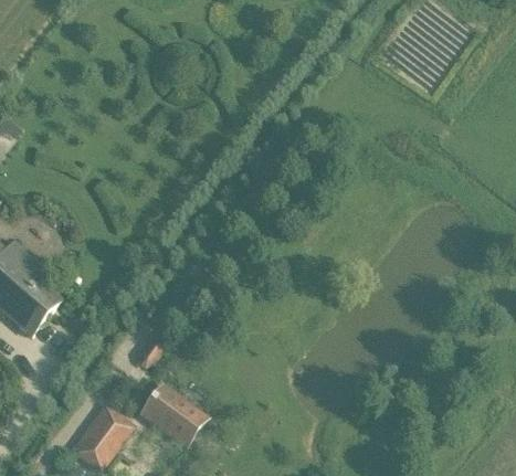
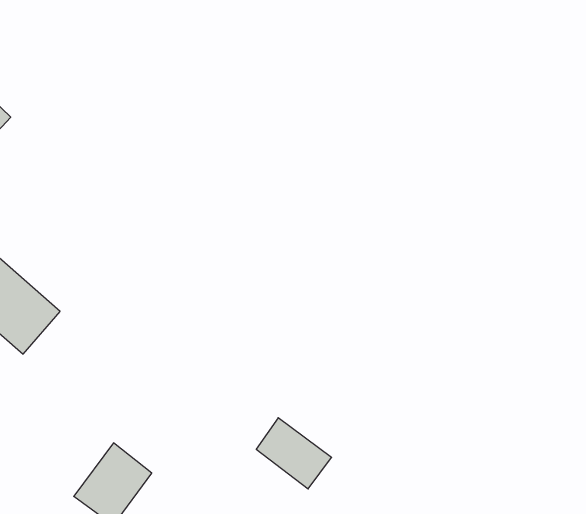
building: [144,385,204,443] -> [256,418,332,489]

